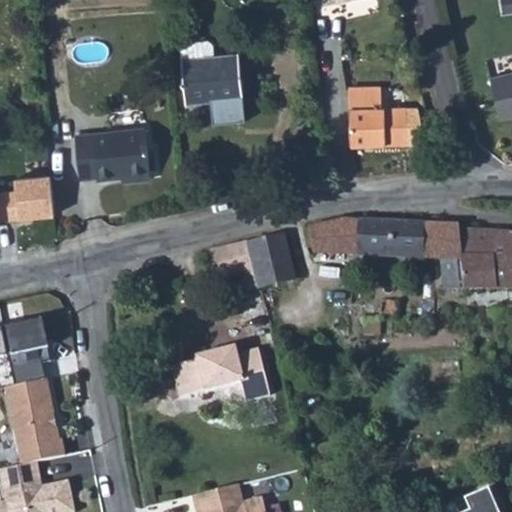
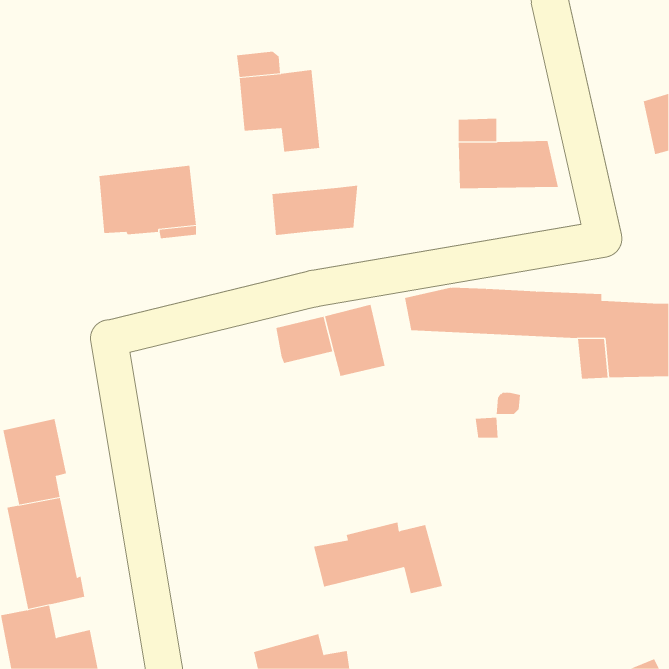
building: none -> [272,185,358,236]
building: [15,181,54,223] -> none
building: [171,346,270,401] -> [313,522,443,594]

